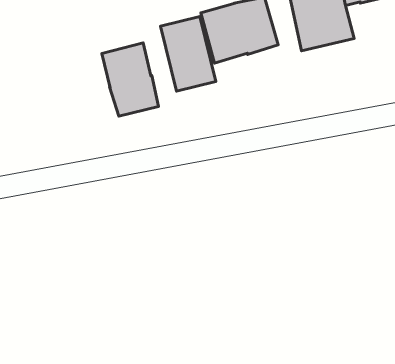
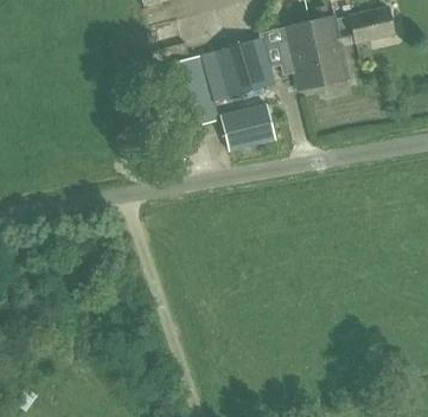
building: [102,43,158,116] -> none
building: none -> [221,104,275,152]

